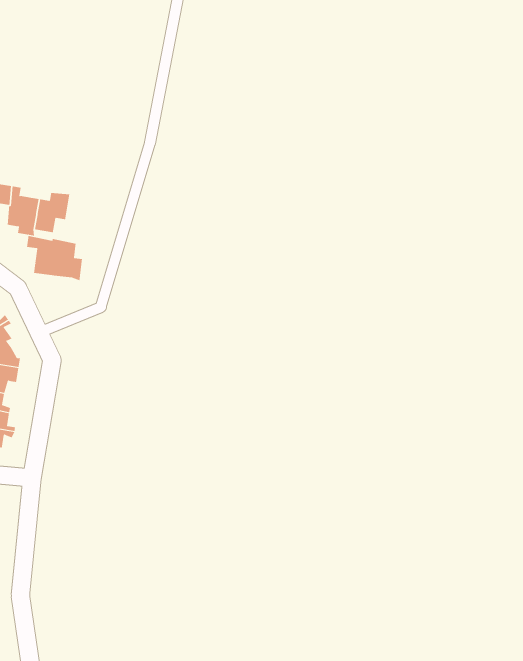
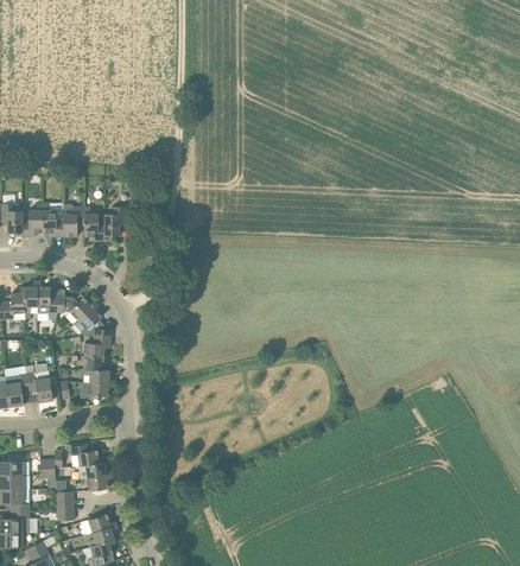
building: [27,235,83,281] -> none

